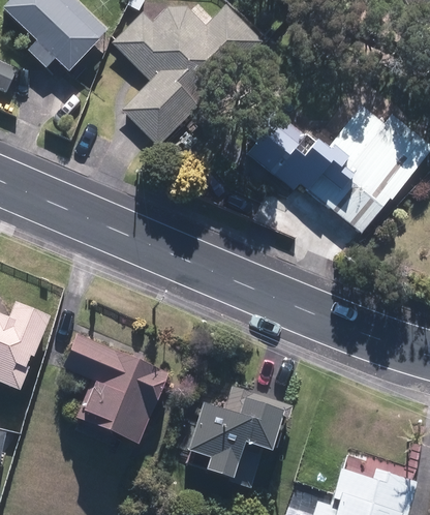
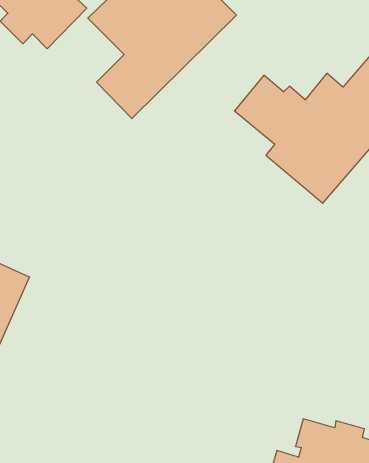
building: [61,329,168,444] -> none
building: [184,381,288,482] -> none

